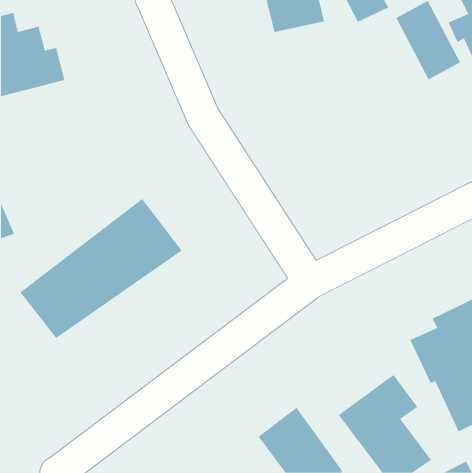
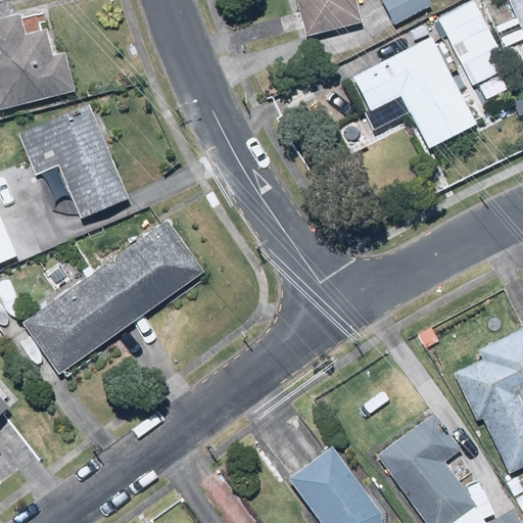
building: none -> [350,39,478,149]
building: none -> [20,105,129,219]

